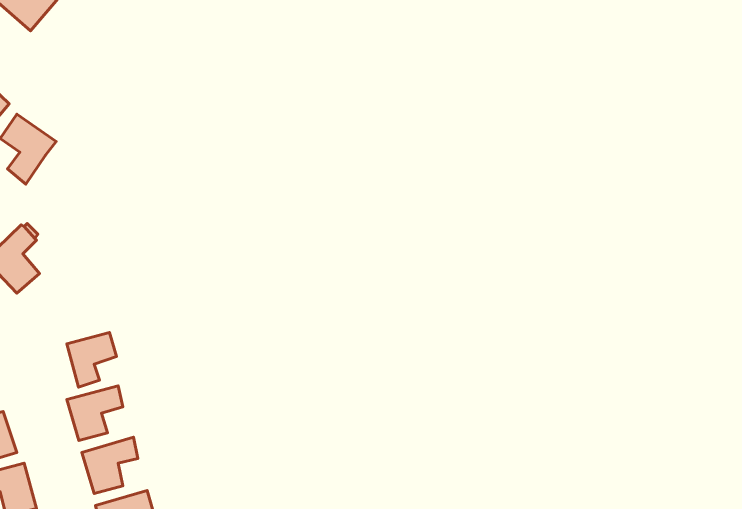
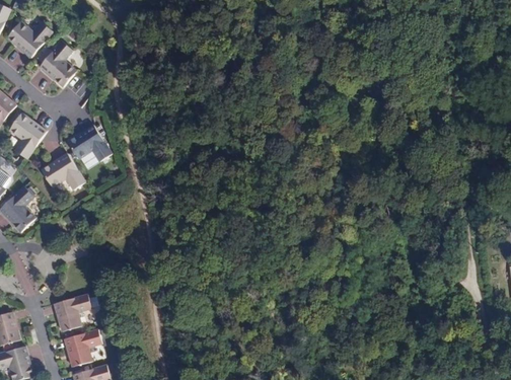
building: none -> [40,41,76,87]
building: none -> [66,125,112,161]
building: none -> [41,153,85,189]
building: [67,333,117,387] -> none

